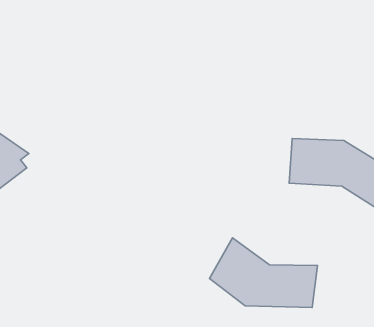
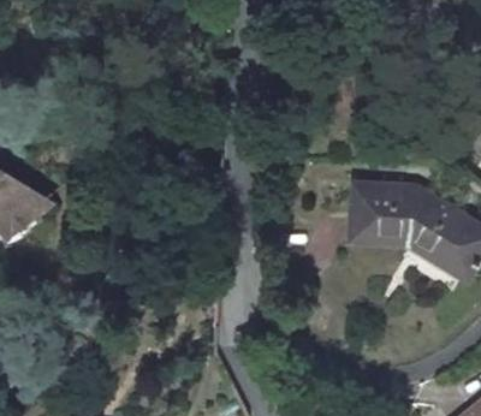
building: [210,238,317,308] -> none

